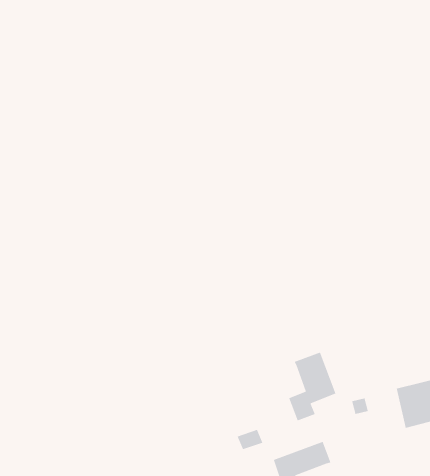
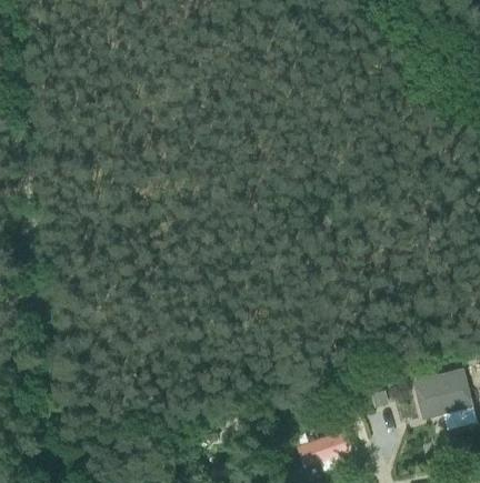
building: [288,351,337,421] -> none

